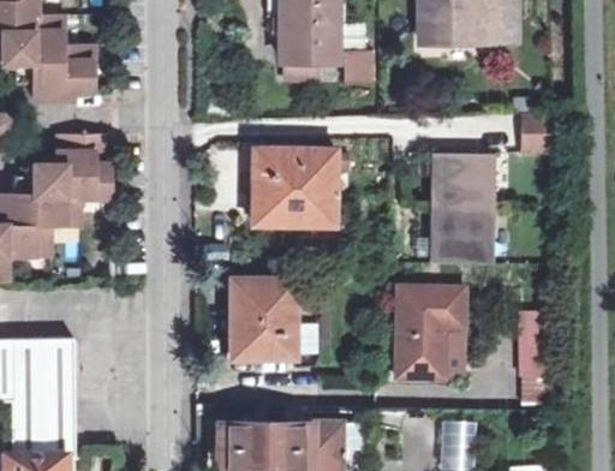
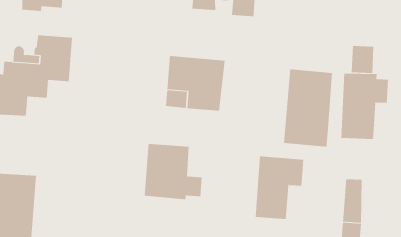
building: none -> [341,73,388,140]

